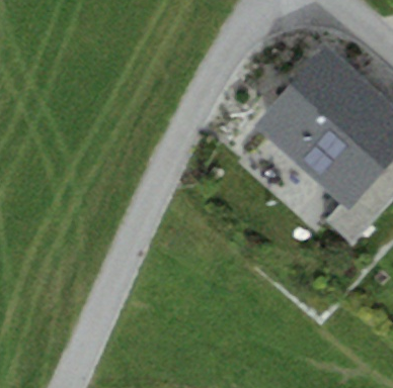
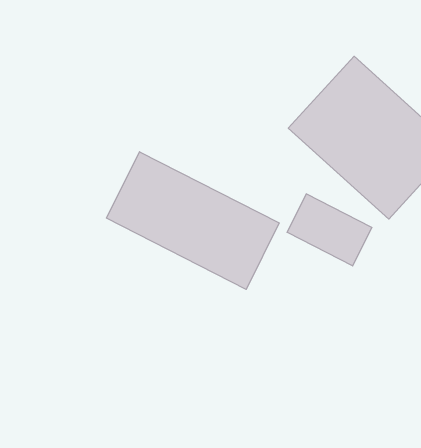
building: none -> [107,152,279,289]

